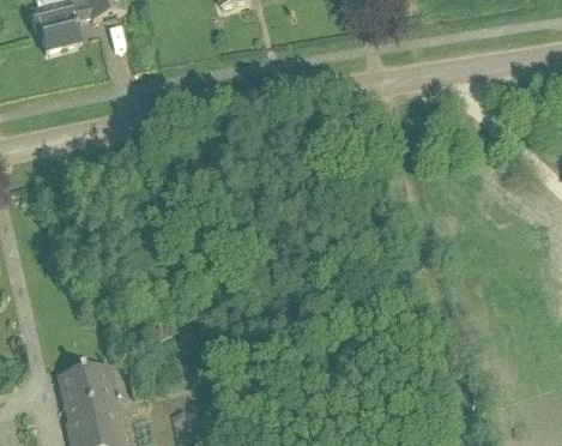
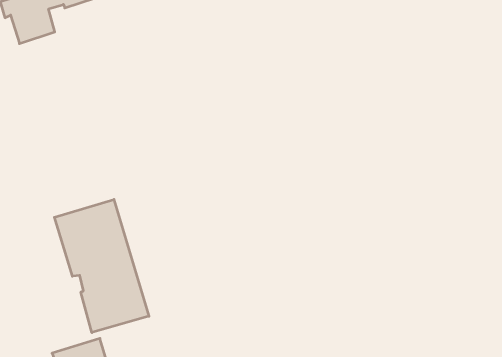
building: none -> [54,199,149,333]

